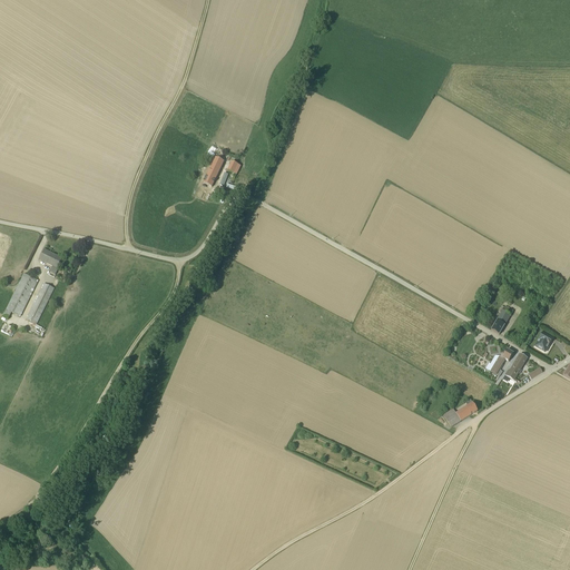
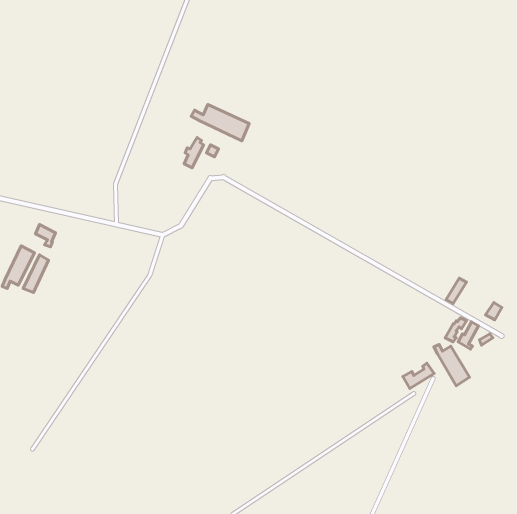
building: none -> [191,104,249,141]
building: none -> [434,344,470,386]

